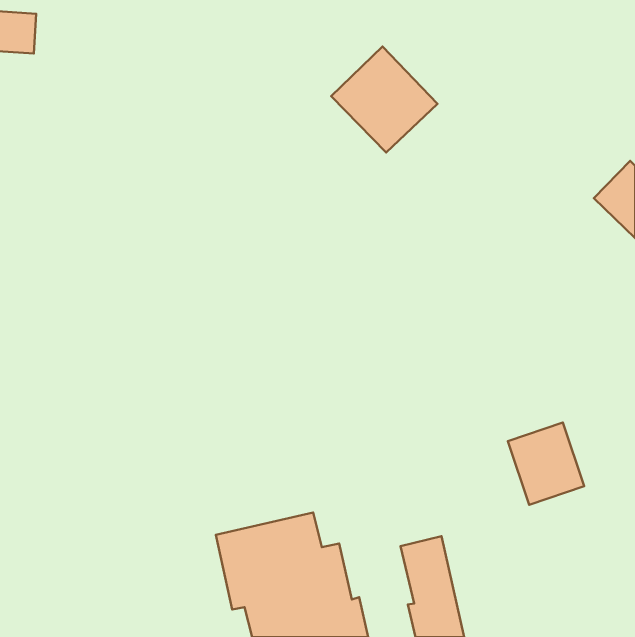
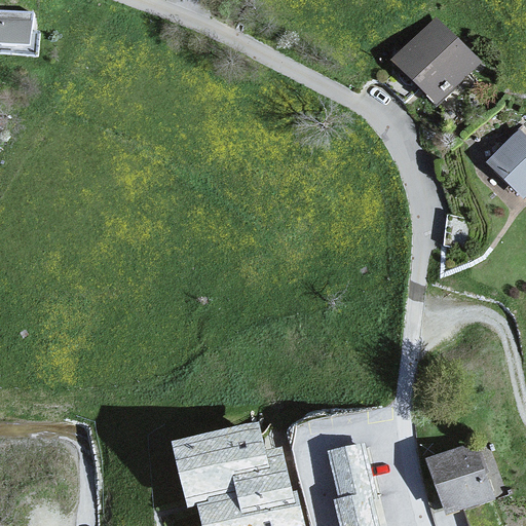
building: [331,46,437,152] -> [390,16,478,104]
building: [508,422,584,505] -> [428,449,491,517]

